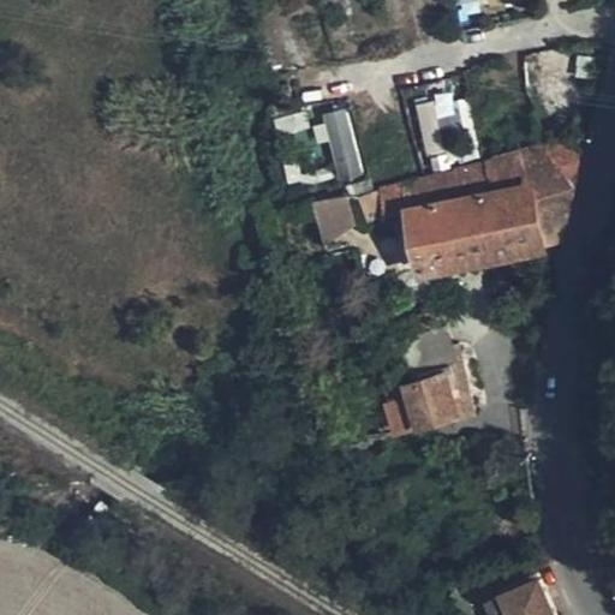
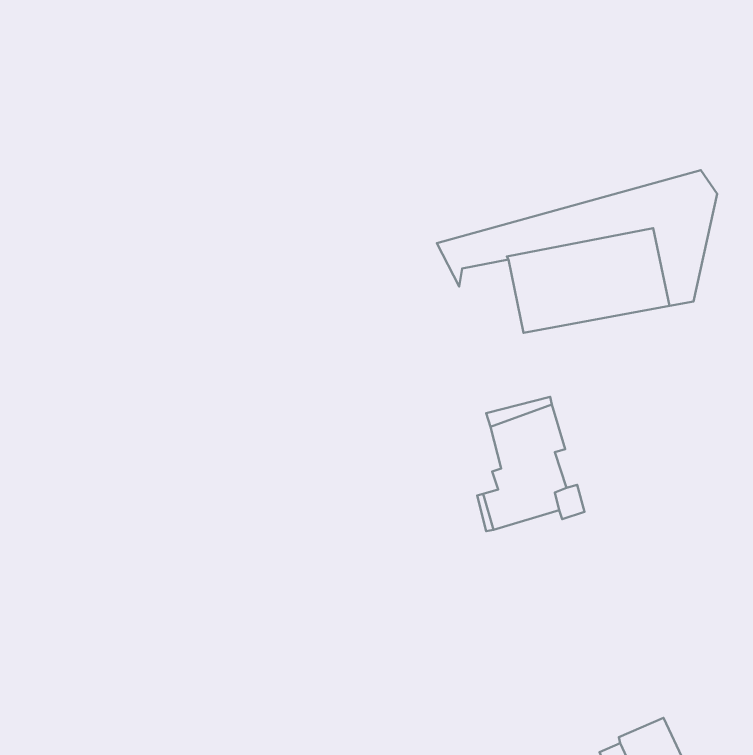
building: [320,108,365,179] -> none
building: [312,196,356,250] -> none

